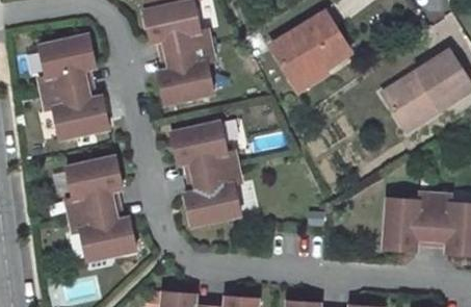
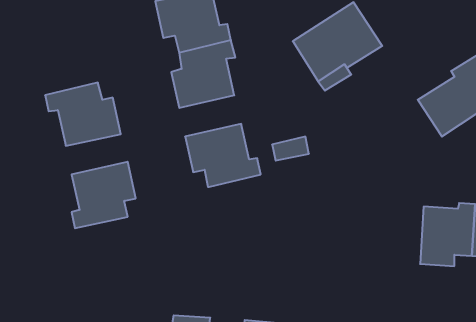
building: [41,31,99,93] -> none
building: [185,164,243,226] -> none
building: [71,203,139,260] -> none

